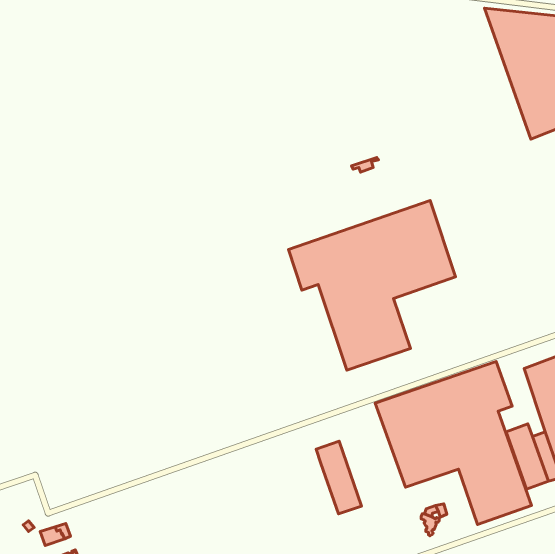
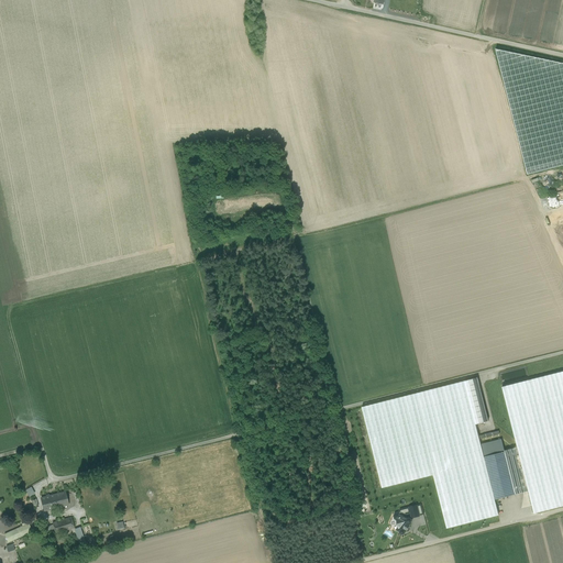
building: [288,200,455,370] -> none
building: [316,441,362,514] -> none

